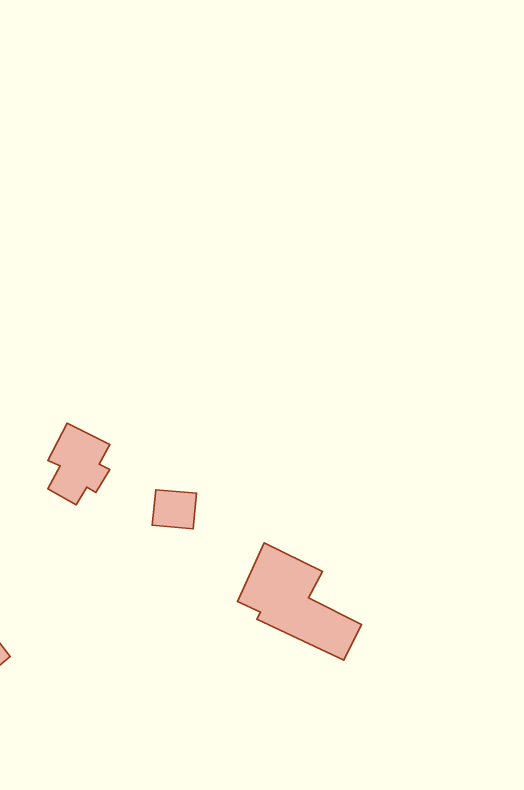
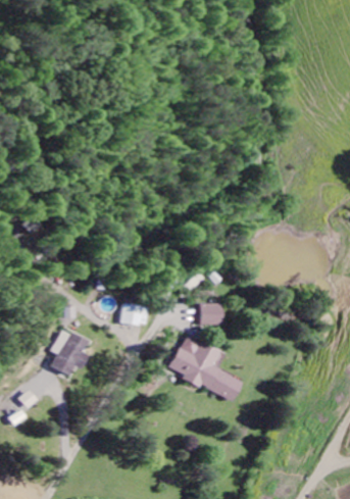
building: [48,423,110,505] -> [54,329,90,376]
building: none -> [200,302,221,323]

